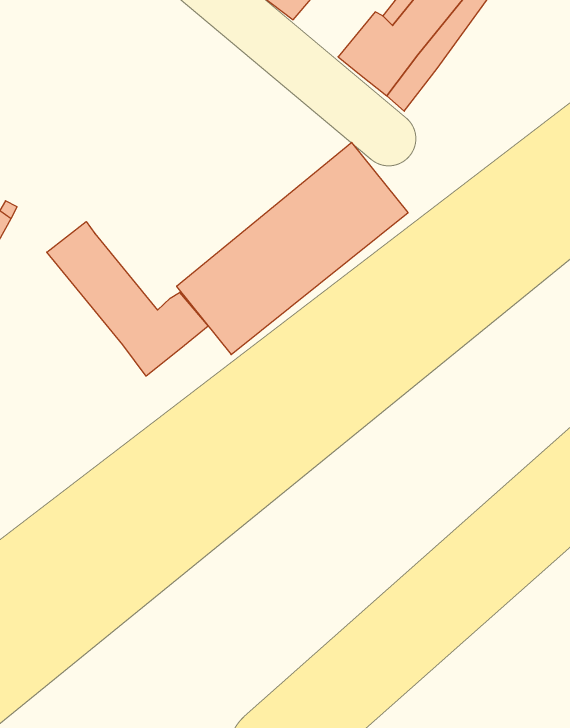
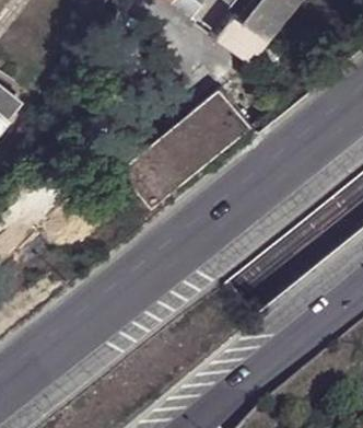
building: [47,222,208,376] -> none

